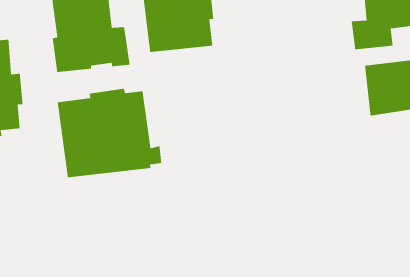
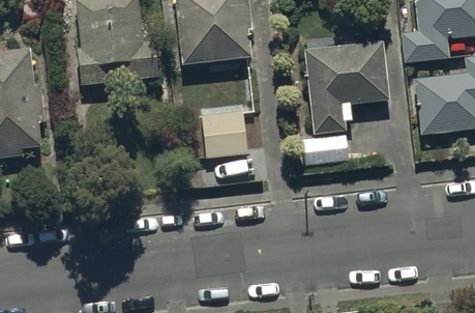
building: none -> [303,41,388,163]
building: [57,88,162,178] -> none
building: none -> [203,109,249,155]

